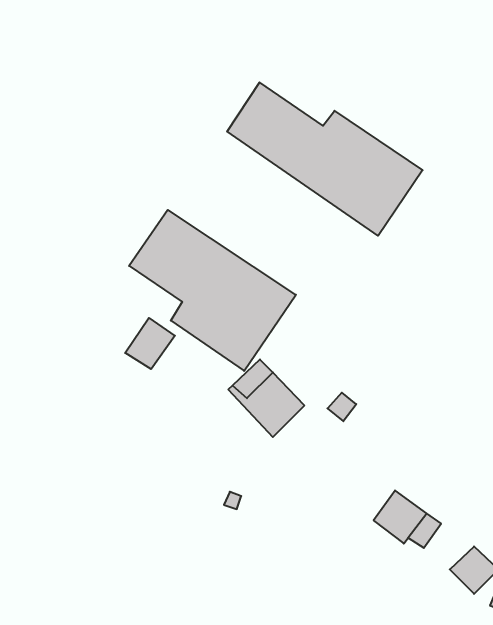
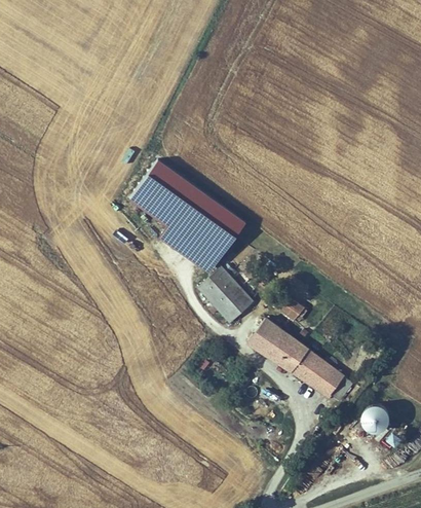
building: [227,82,423,236] -> none
building: [125,318,175,369] -> none
building: none -> [250,320,318,382]

